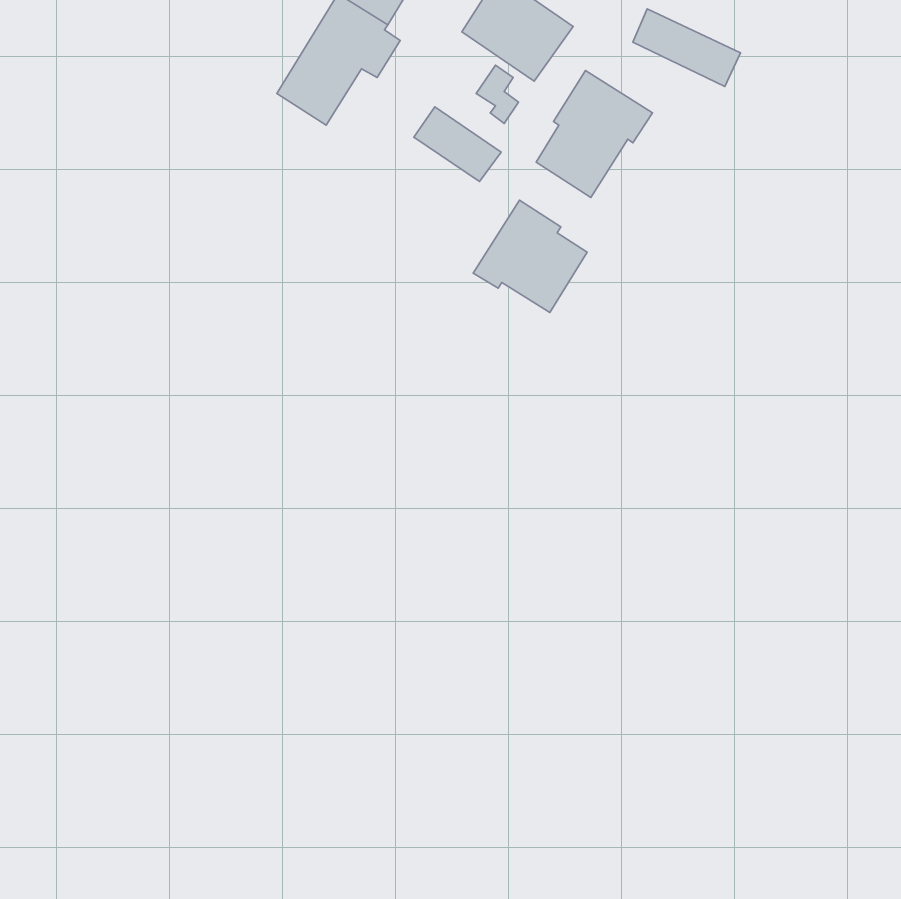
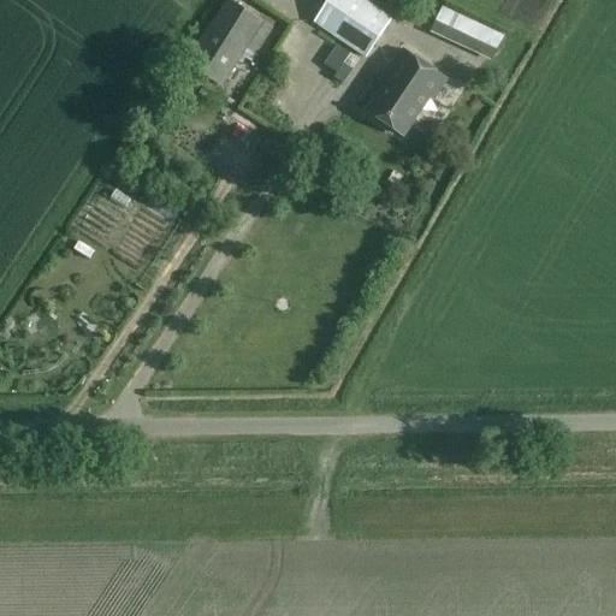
building: [414,107,501,182] -> none
building: [473,200,587,312] -> none

